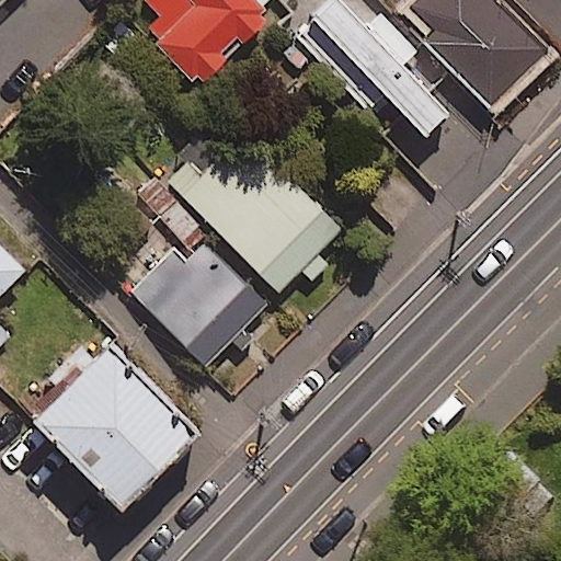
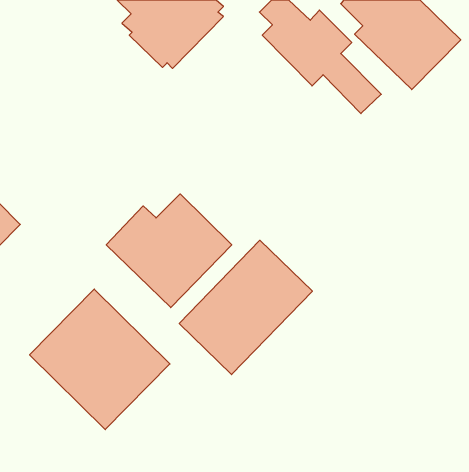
building: [164,140,337,290] -> none
building: none -> [179,240,312,375]

